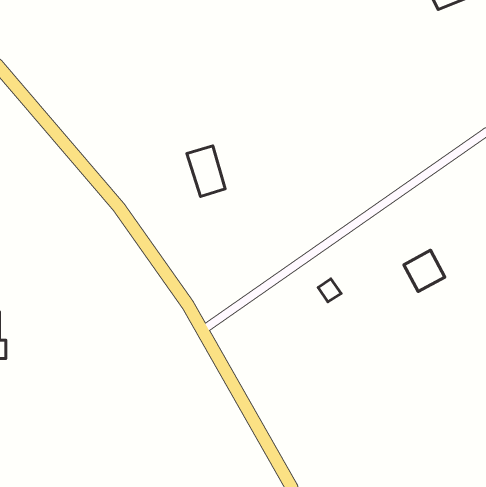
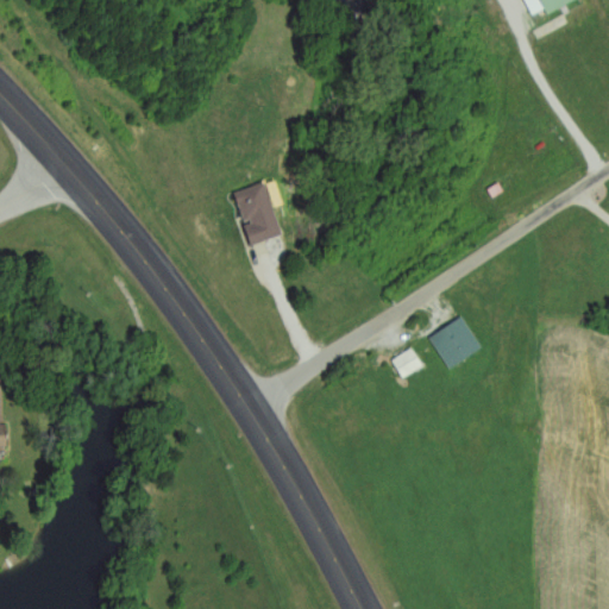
building: [404,250,445,292] -> [429,315,481,366]

